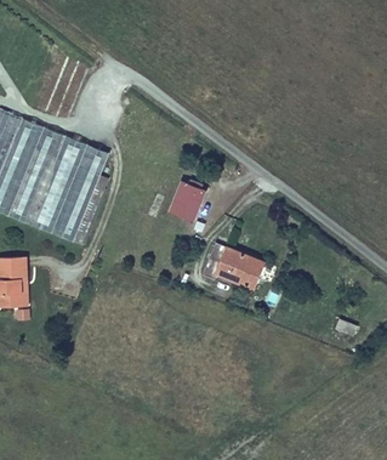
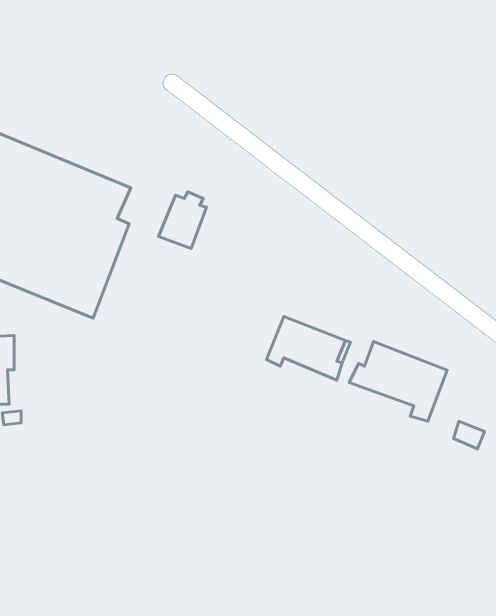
building: [170,180,204,220] -> [158,192,207,248]
building: none -> [349,341,447,421]

